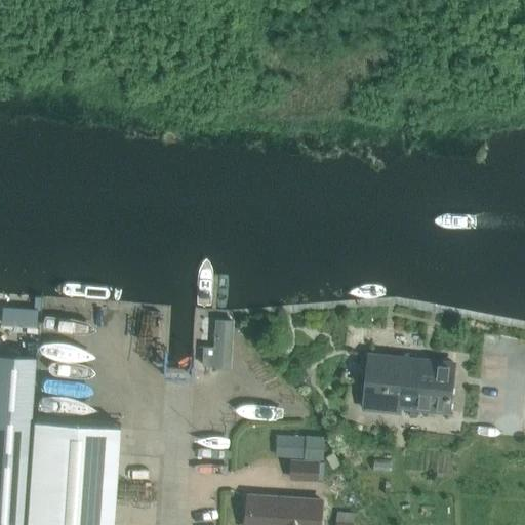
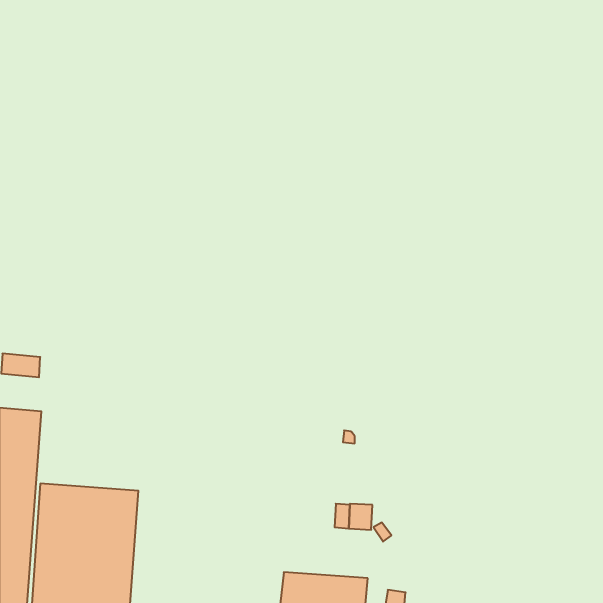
building: [360,352,449,414] -> none
building: [288,460,318,482] -> none

